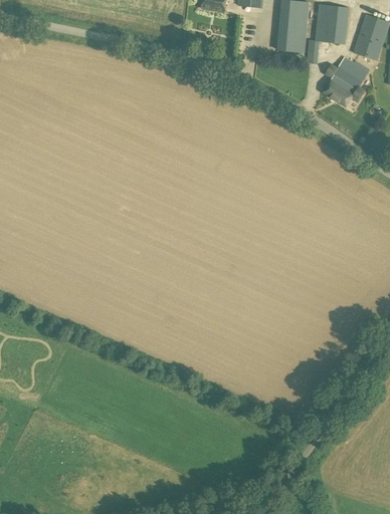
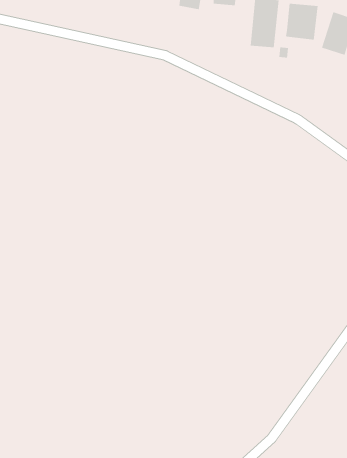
building: [323,56,369,105] -> none

